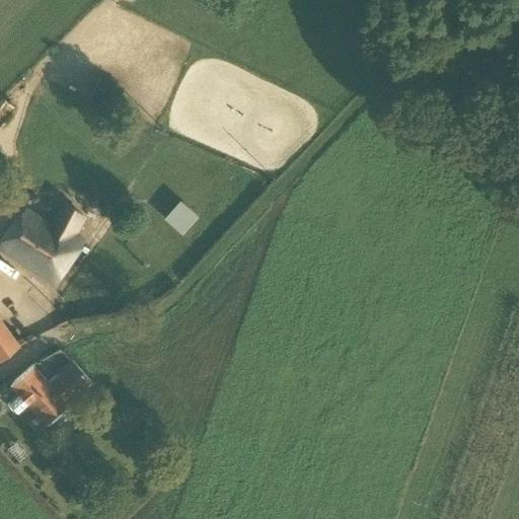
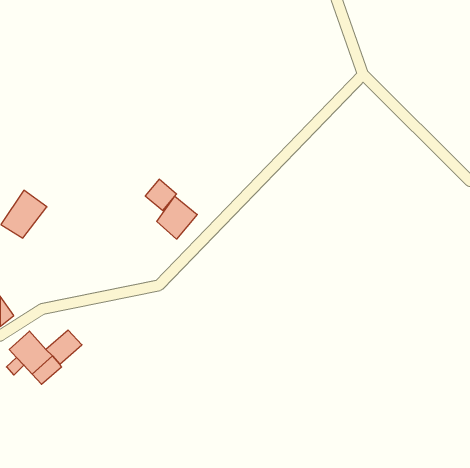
building: [25,205,83,282] -> none
building: none -> [157,196,197,239]

